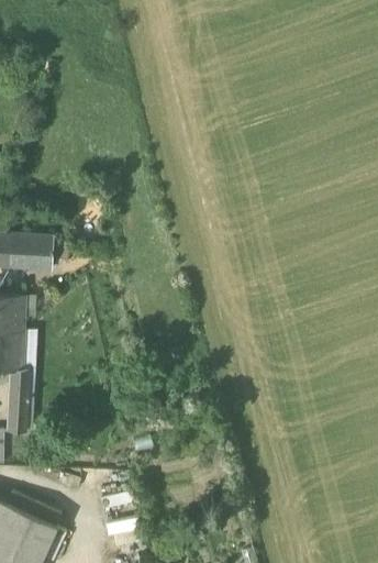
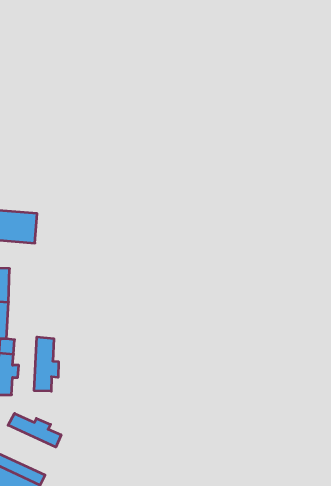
building: none -> [34,337,58,391]
building: none -> [8,413,61,447]

